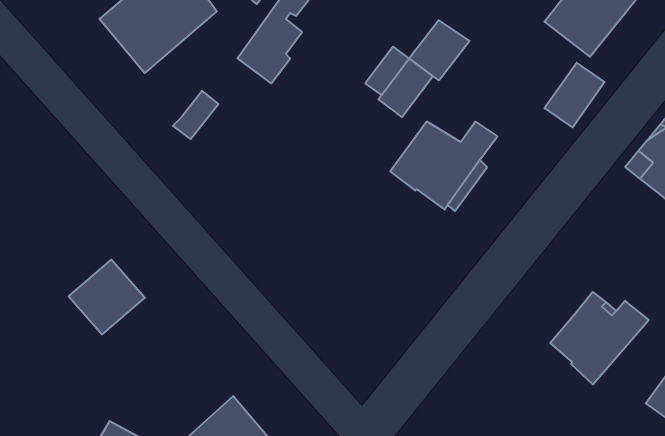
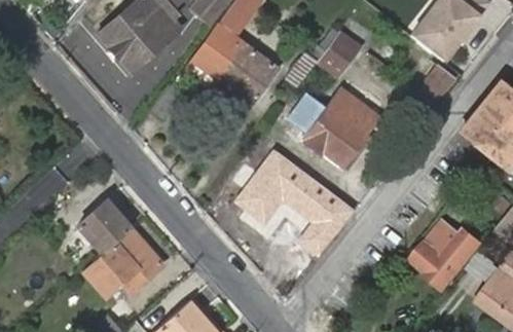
building: none -> [218,41,277,103]
building: none -> [235,148,355,256]
building: none -> [82,227,160,293]

